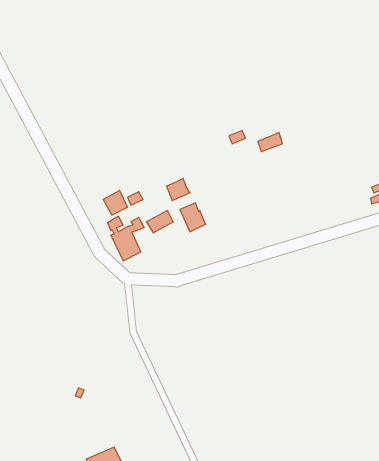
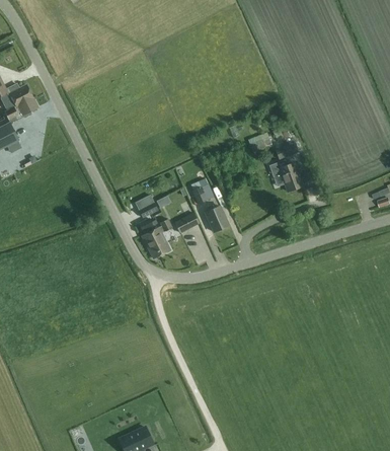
building: none -> [269,159,302,190]

